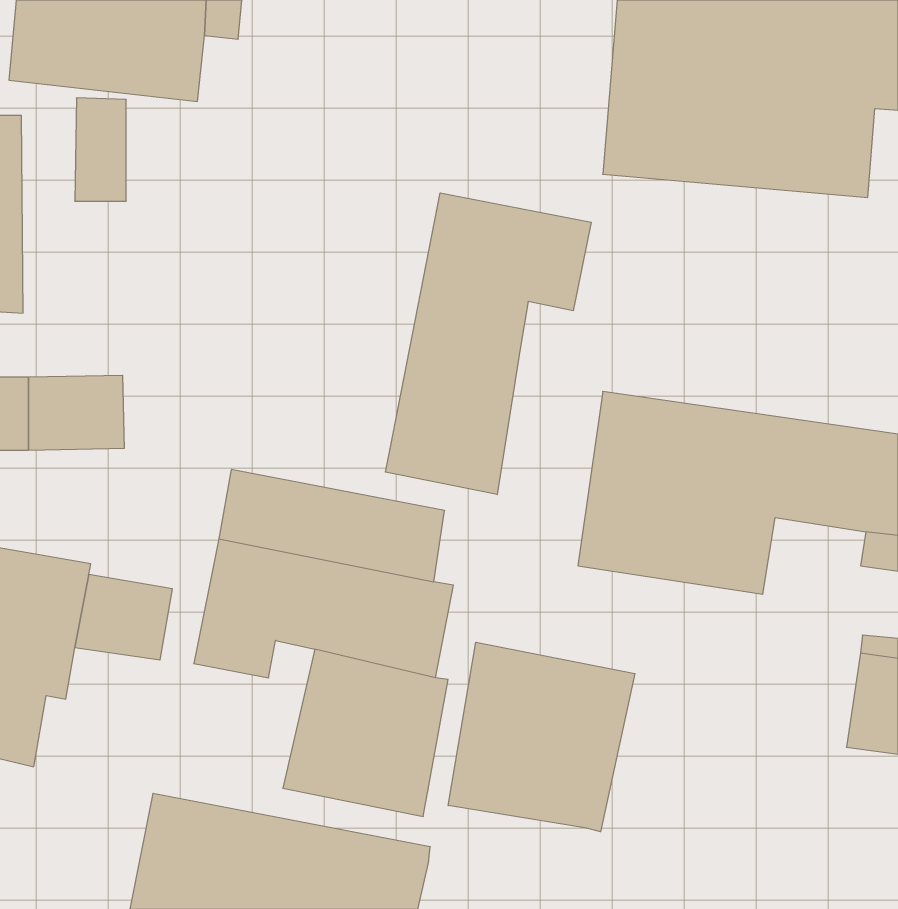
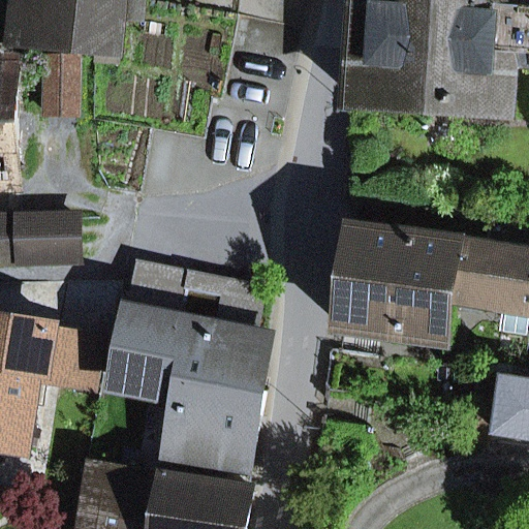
building: [385,193,591,495] -> none
building: [448,642,635,832] -> none

